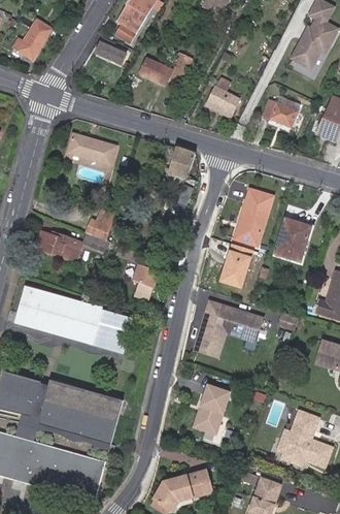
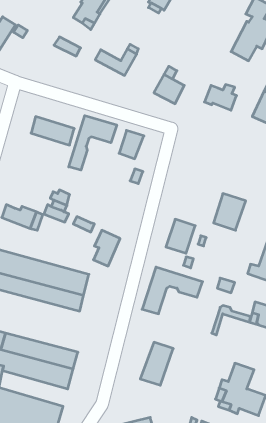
building: none -> [69,116,117,170]
building: [232,186,272,246] -> none
building: [211,324,254,357] -> [212,306,250,335]

